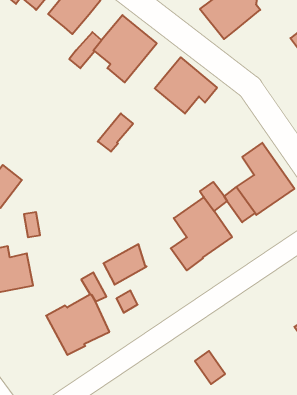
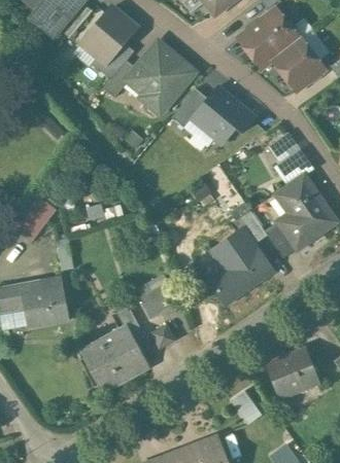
building: none -> [272,37,324,91]
building: none -> [92,42,134,79]
building: [98,113,133,152] -> [171,88,207,128]
building: none -> [267,350,319,399]

